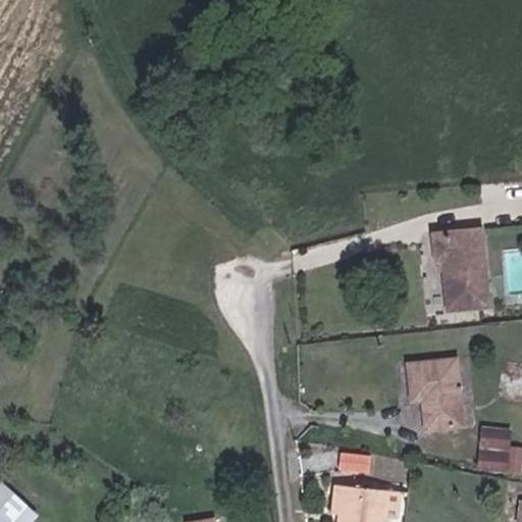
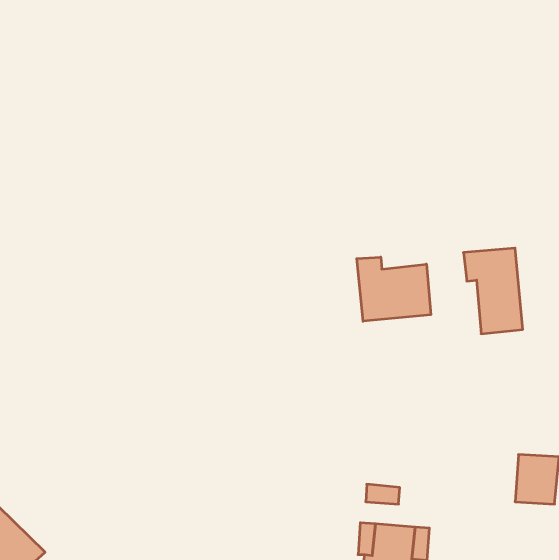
building: none -> [357,257,431,321]
building: [407,362,460,431] -> none

